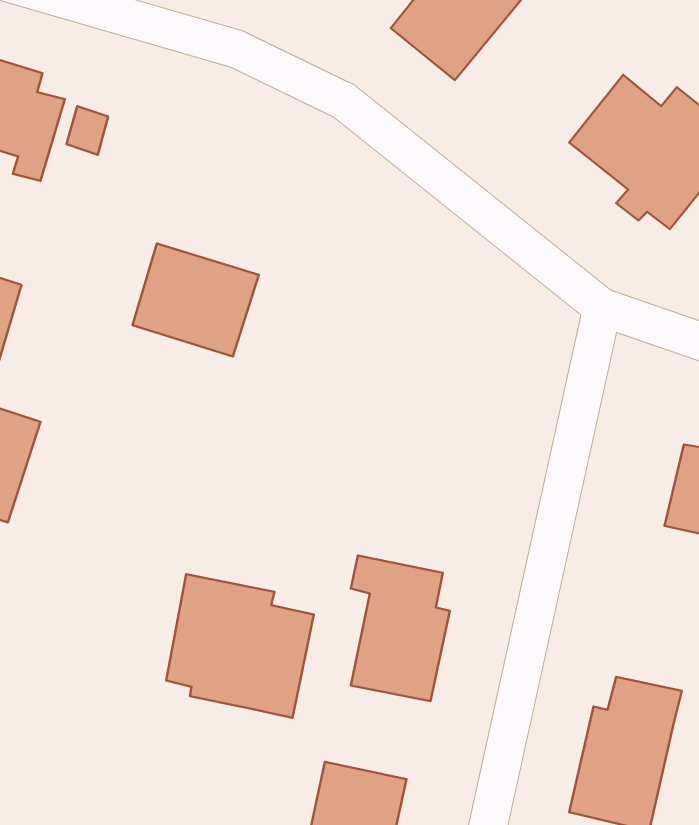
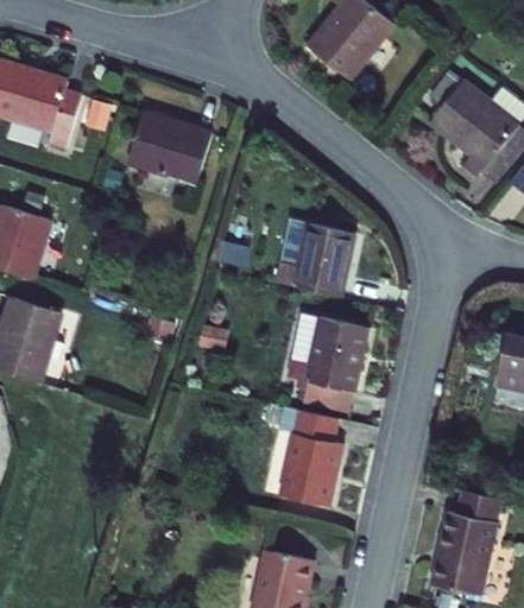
building: [132,244,259,356] -> [126,108,213,185]
building: none -> [273,216,356,297]
building: none -> [301,316,371,414]
building: [166,574,314,718] -> none

